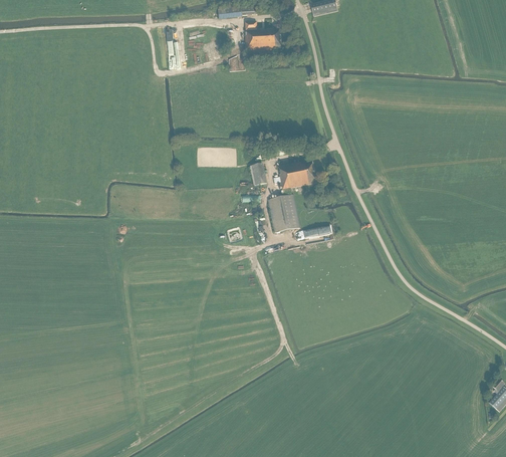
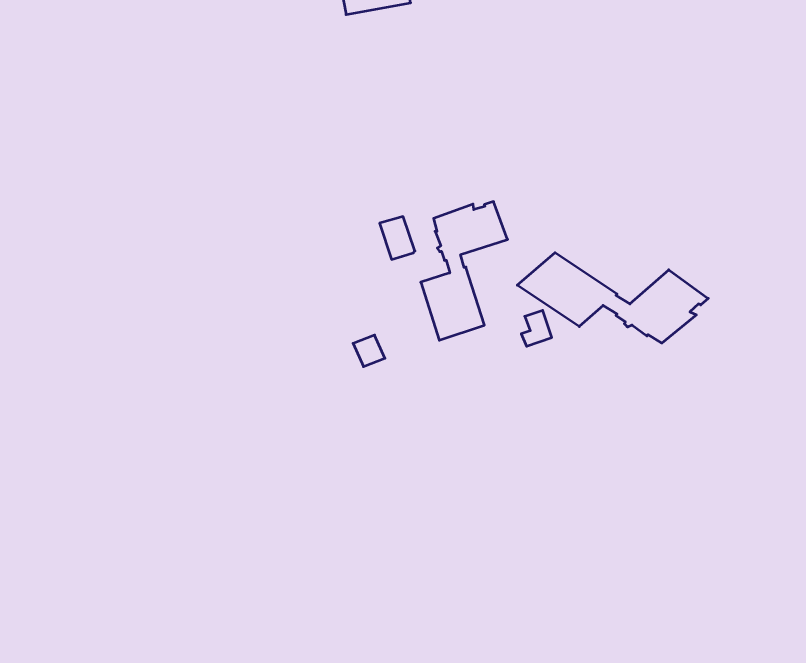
building: none -> [517,253,708,343]

